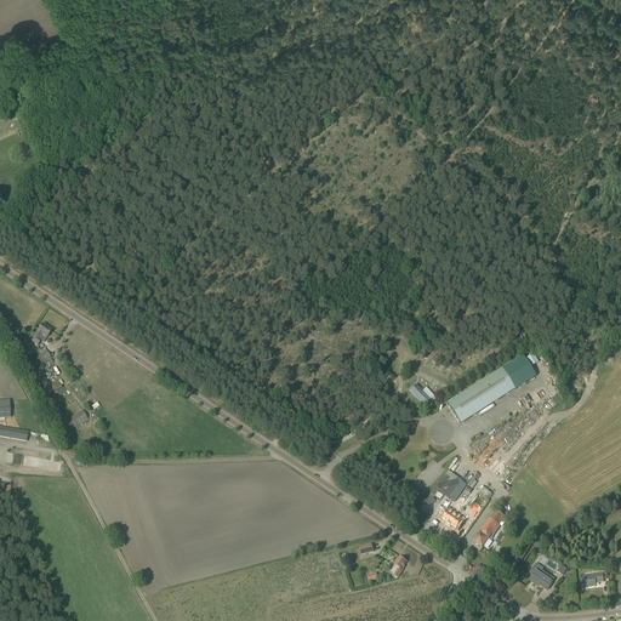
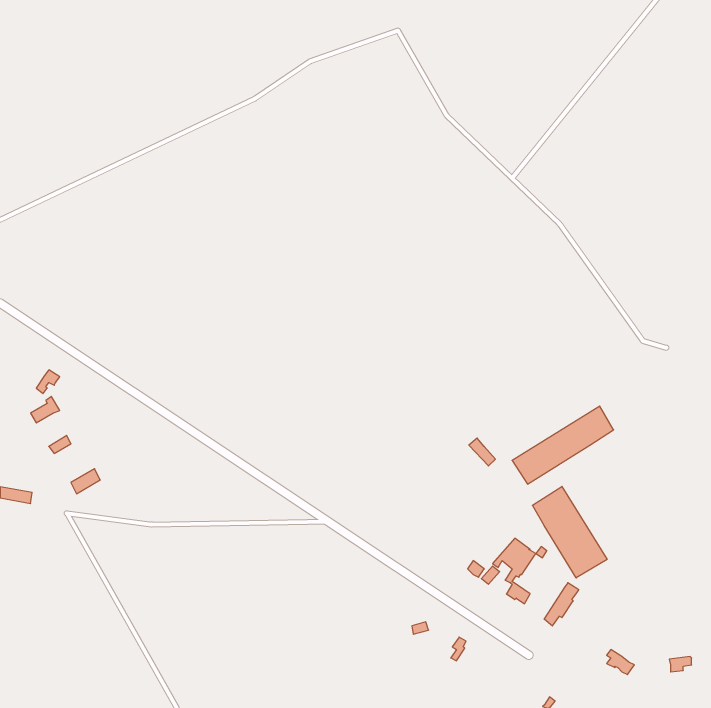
building: none -> [532,486,607,578]

